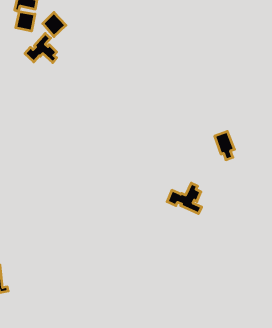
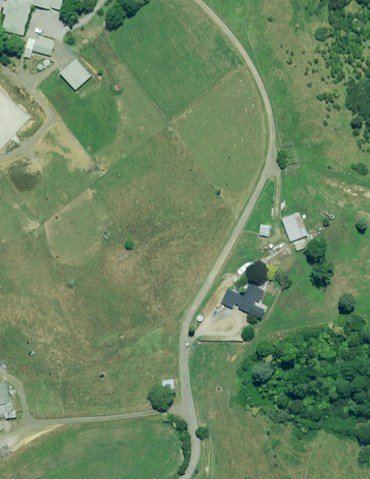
building: [16,12,35,31] -> none
building: [25,33,57,63] -> none

